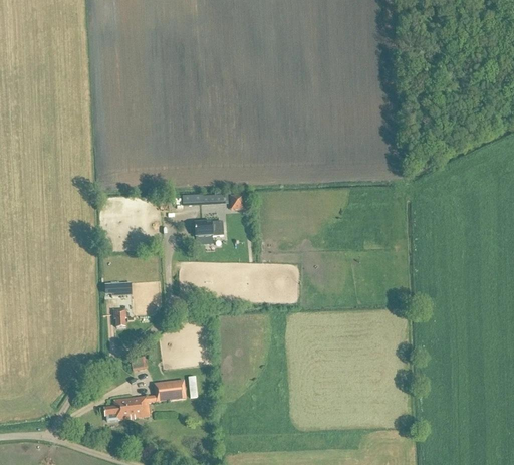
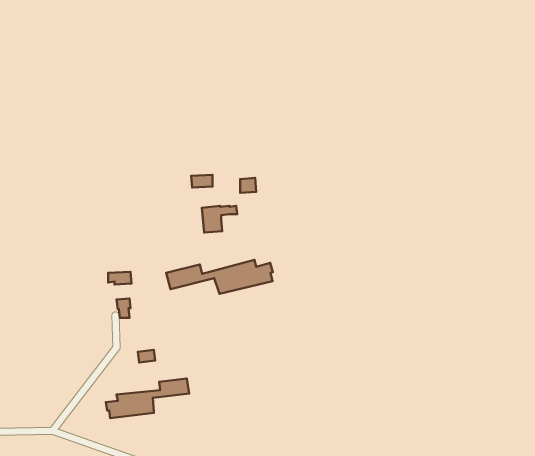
building: none -> [166,260,273,294]

